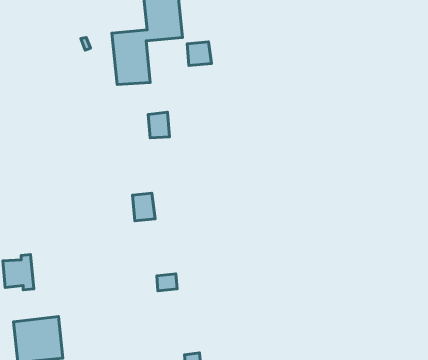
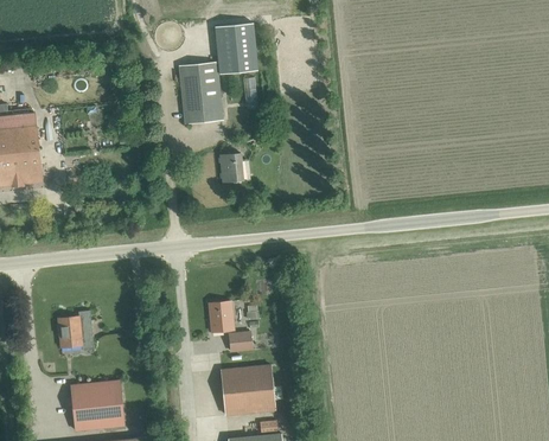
building: [187,42,211,66] -> none
building: [133,193,155,221] -> [209,301,234,332]
building: none -> [221,365,274,415]

